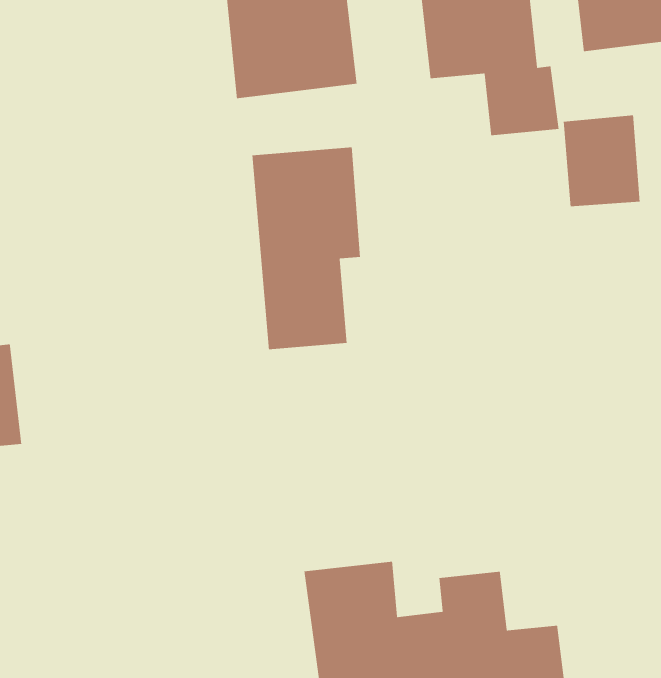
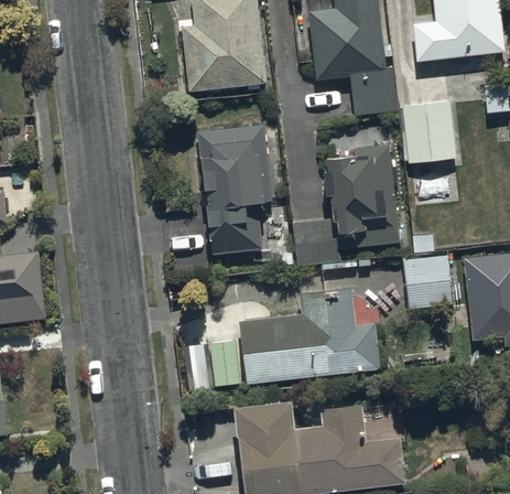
building: none -> [292,143,399,277]
building: none -> [404,236,452,312]
building: none -> [239,286,380,386]

